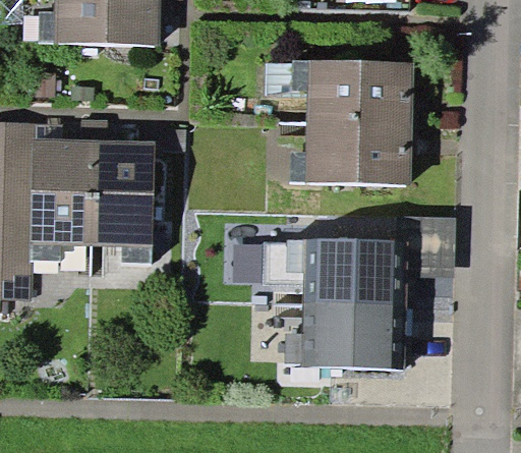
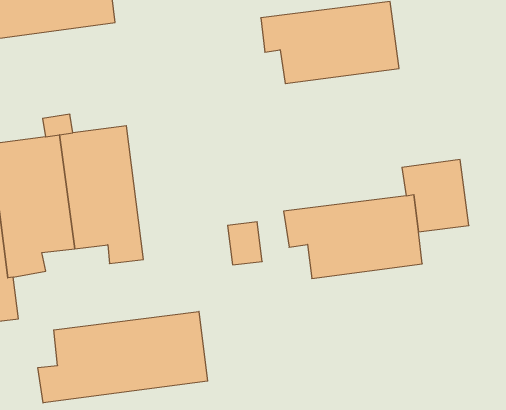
building: [289,123,411,183] -> none
building: [282,304,405,369] -> none
building: none -> [38,311,208,403]

